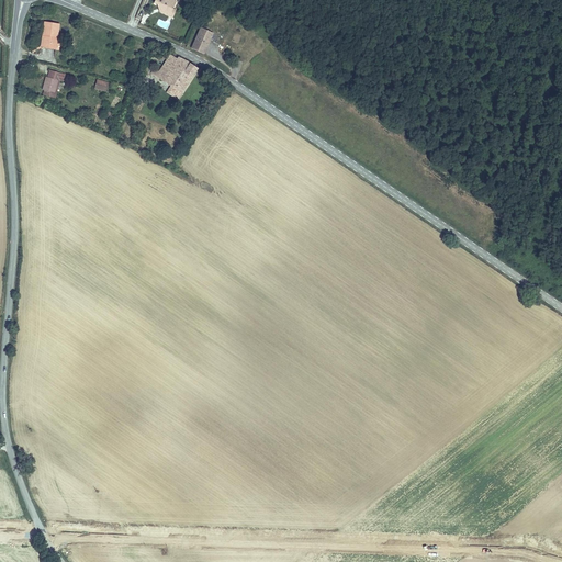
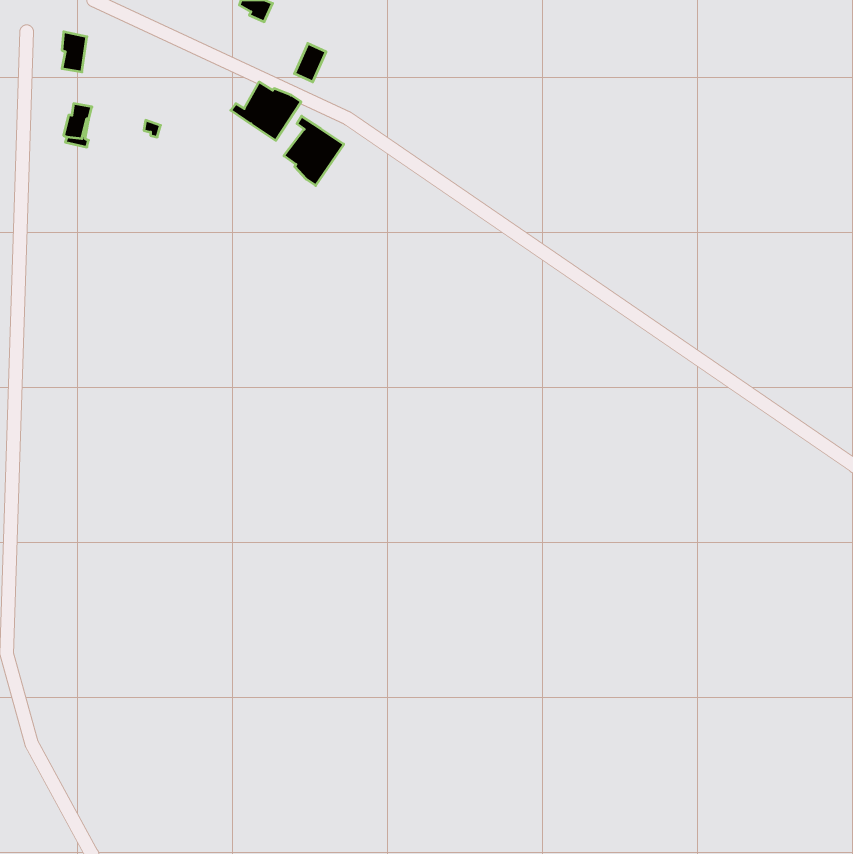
building: none -> [284,116,344,186]

